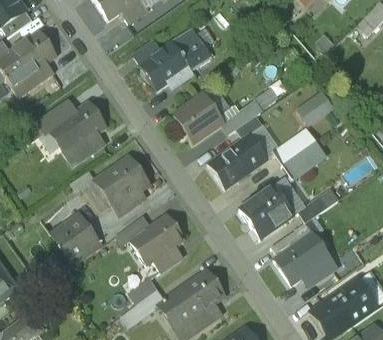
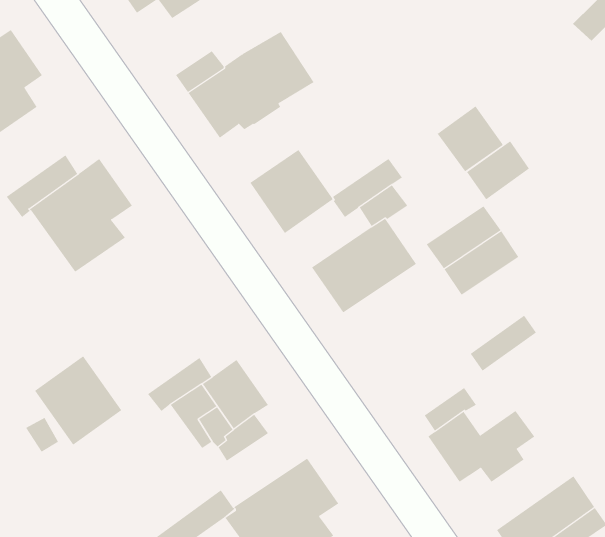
building: none -> [437,105,504,172]
building: [96,157,146,214] -> none
building: [239,184,295,239] -> none

